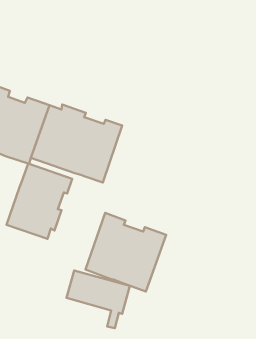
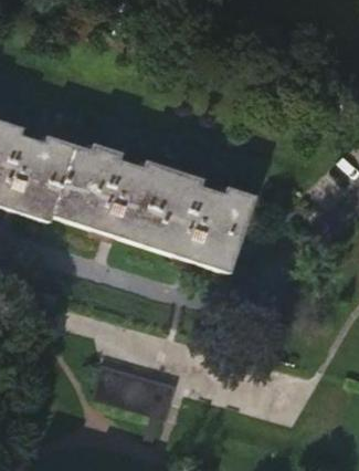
building: [7,163,72,239] -> none
building: [86,213,166,292] -> [148,174,253,276]

